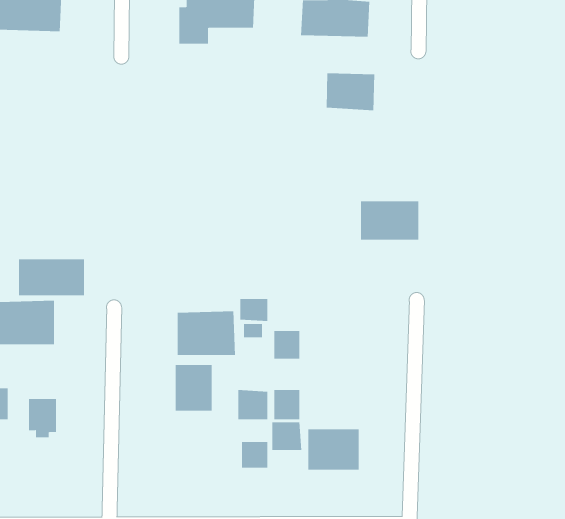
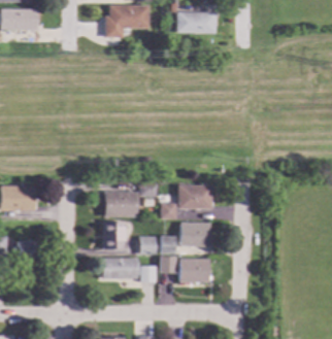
building: [326,72,375,111] -> none
building: [360,201,419,240] -> [177,185,211,208]
building: [19,258,84,296] -> none
building: none -> [179,223,210,246]
building: none -> [103,258,138,278]

